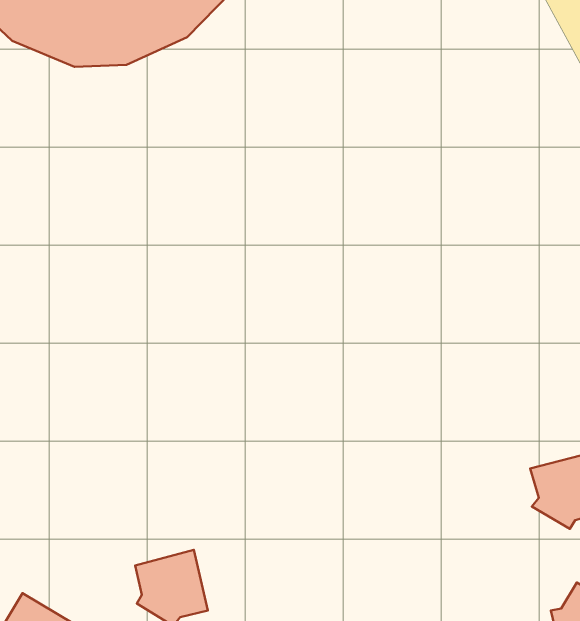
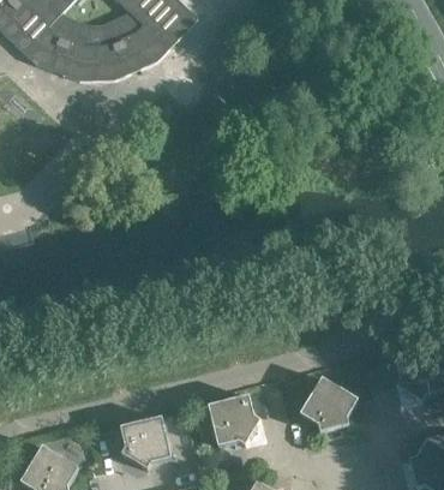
building: none -> [300,377,358,431]
building: none -> [208,395,260,446]

